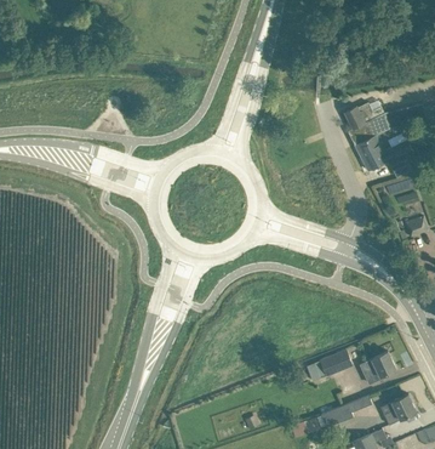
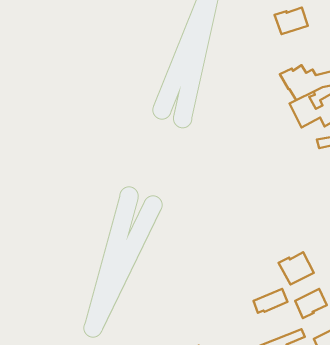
building: none -> [274,8,308,34]
building: none -> [279,252,314,285]

